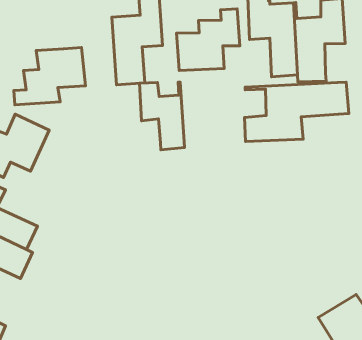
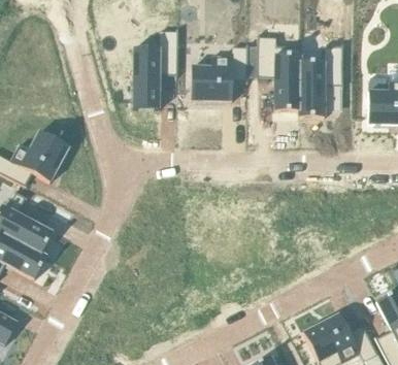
building: [14,48,85,105] -> none
building: [140,82,185,150] -> none
building: [245,82,349,141] -> none

